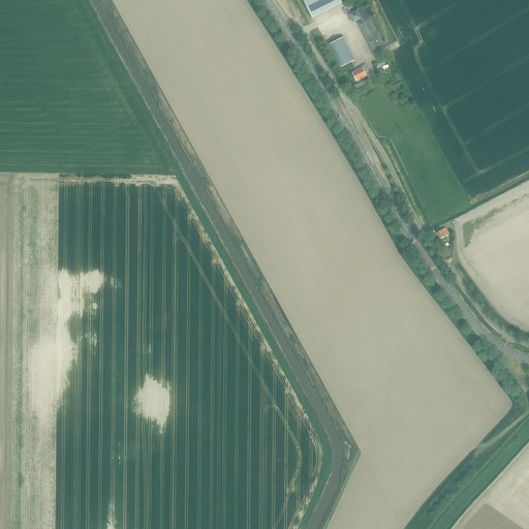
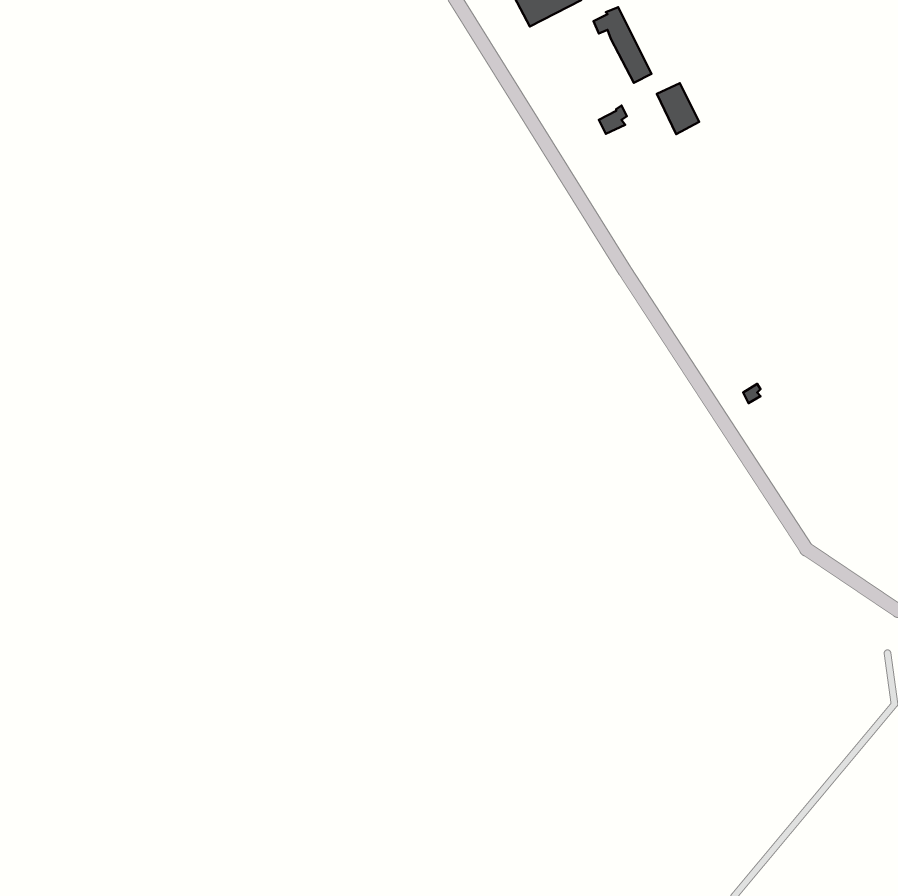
building: [329,35,353,65] -> [657,83,699,134]

